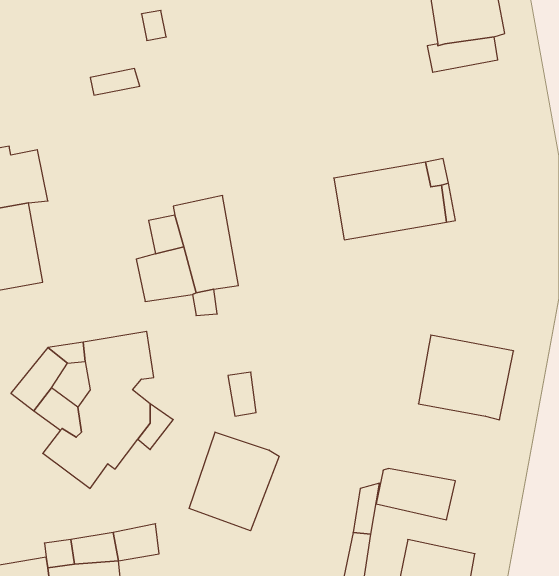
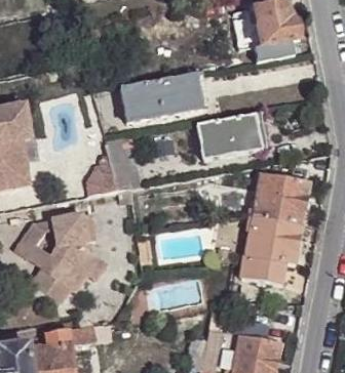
building: none -> [119,71,201,121]
building: none -> [255,173,310,223]
building: [189,432,279,531] -> none
building: [376,469,455,520] -> [240,254,286,284]

